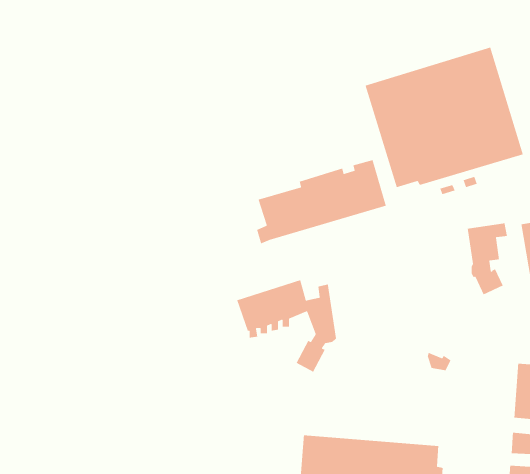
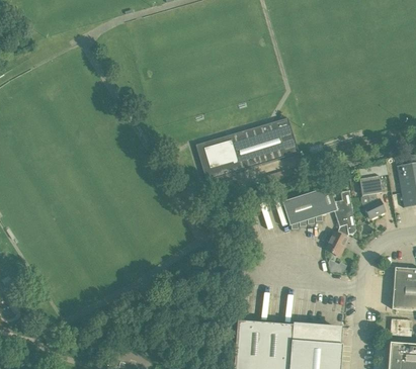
building: [364,47,524,188] -> none
building: [236,279,337,373] -> [281,186,355,255]

